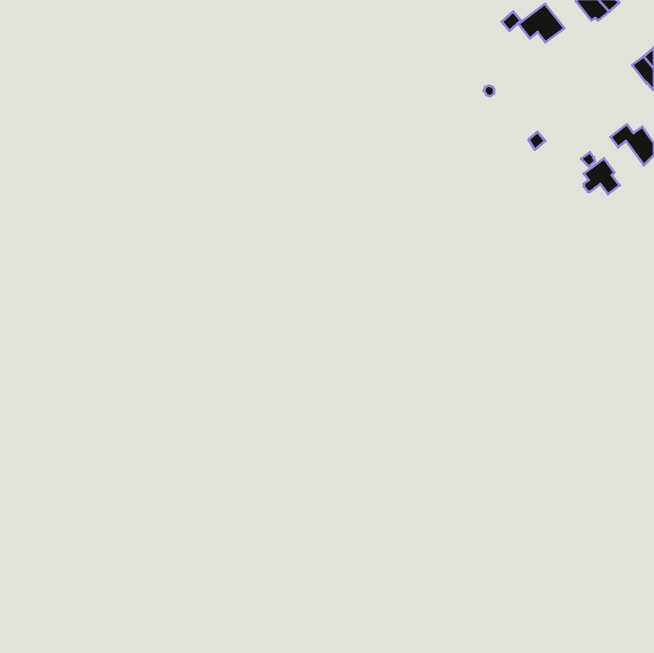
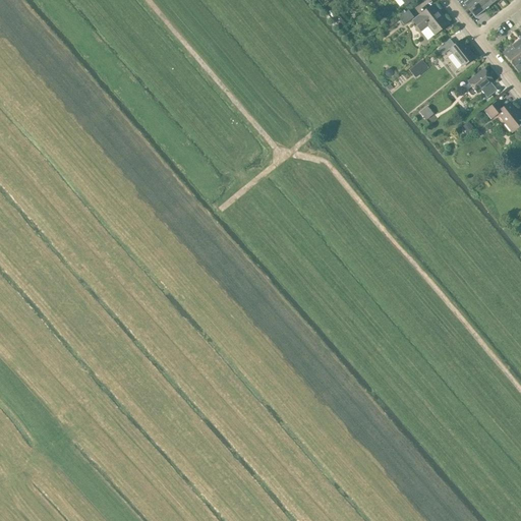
building: none -> [438,39,474,65]
building: [584,158,620,194] -> [468,68,497,97]

